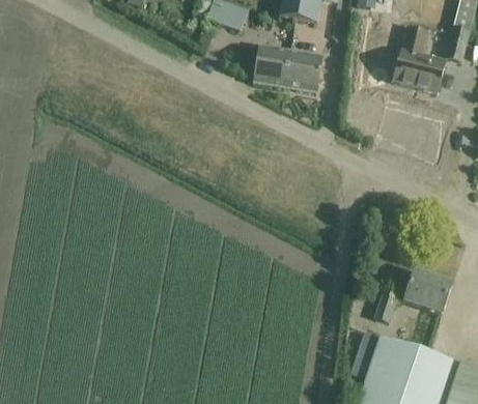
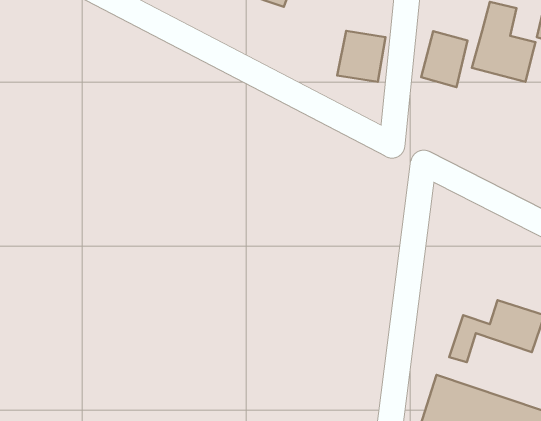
building: [253,45,290,86] -> none
building: none -> [421,31,467,87]

